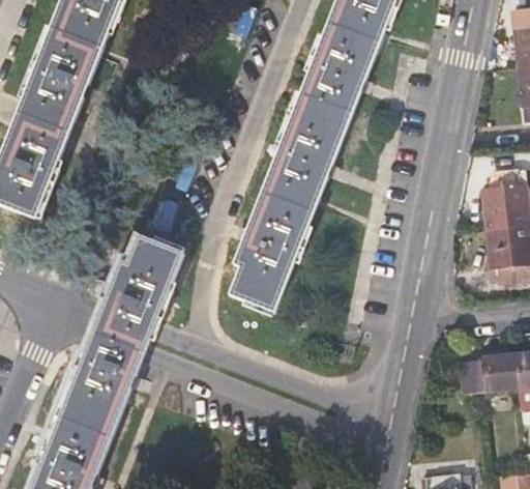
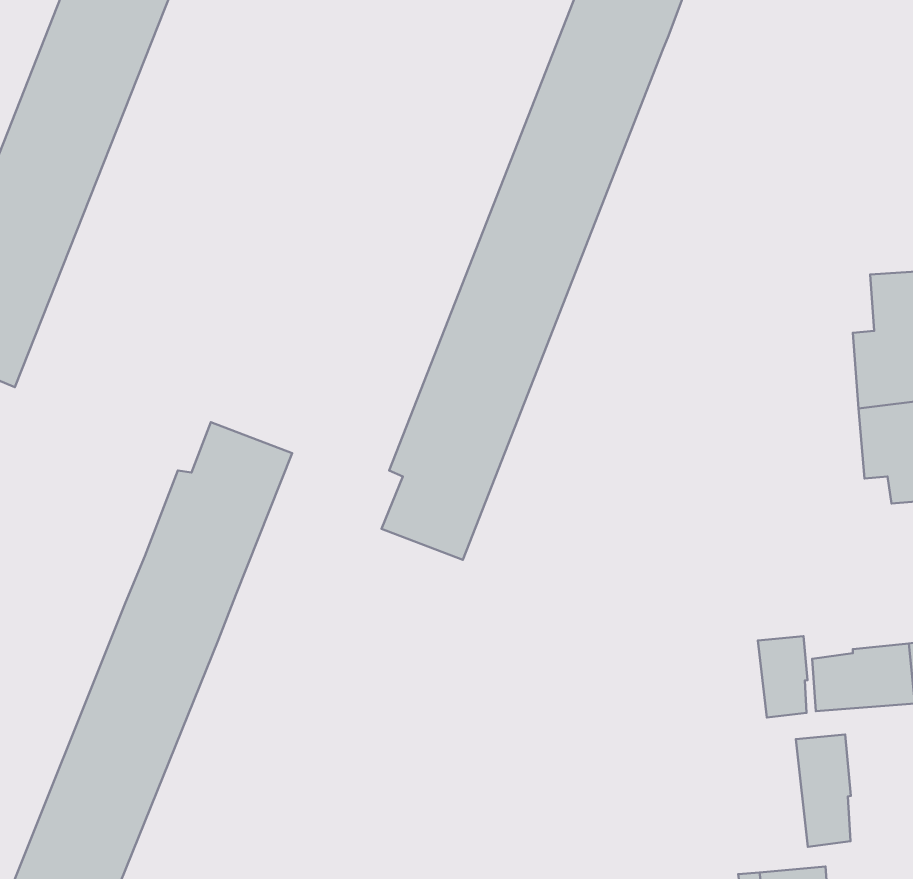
building: none -> [758,636,808,718]
building: none -> [796,735,851,847]

